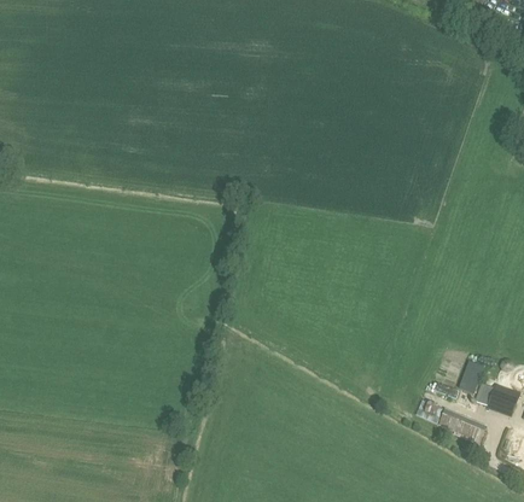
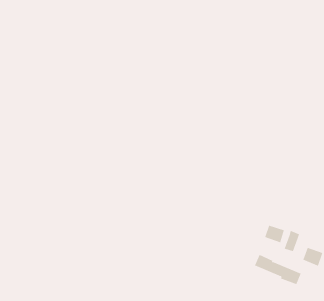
building: none -> [264,225,284,243]

